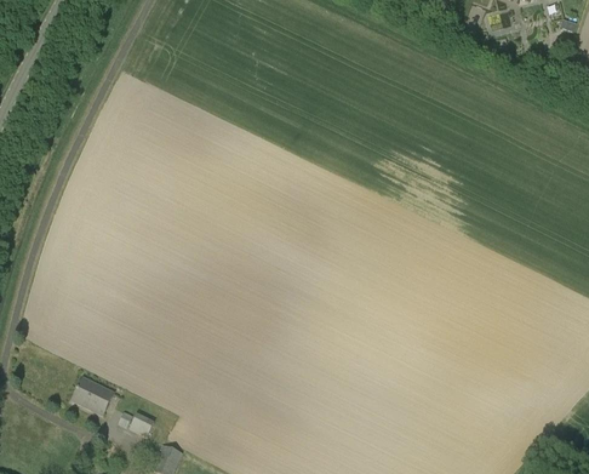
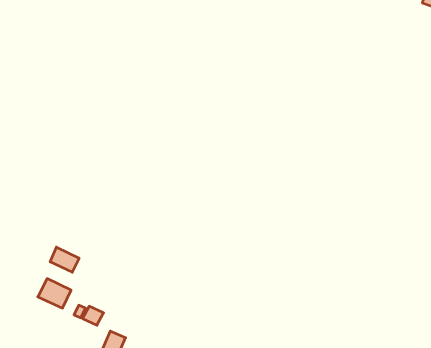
building: none -> [50,247,79,272]

